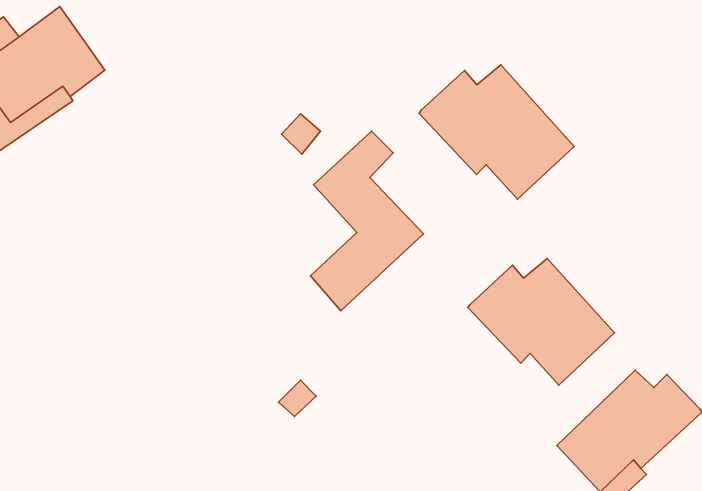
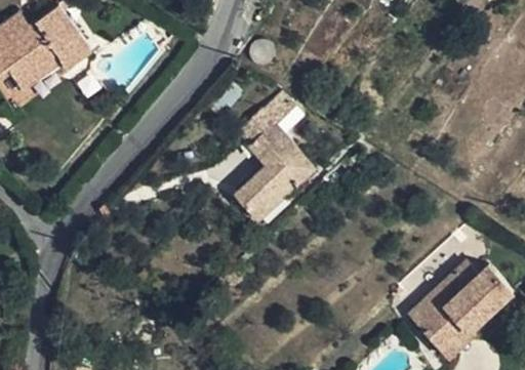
building: [419,65,574,199] -> none
building: [468,259,615,385] -> none

